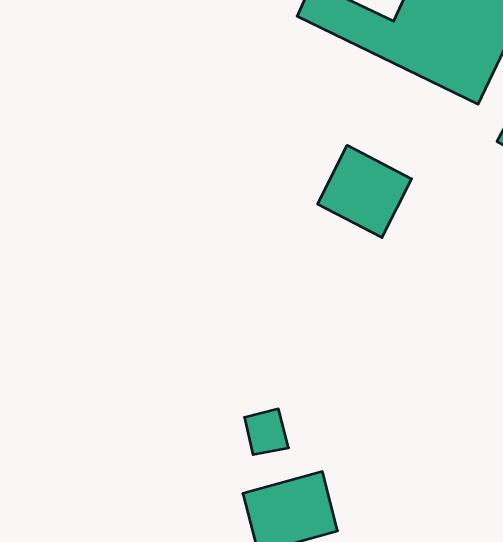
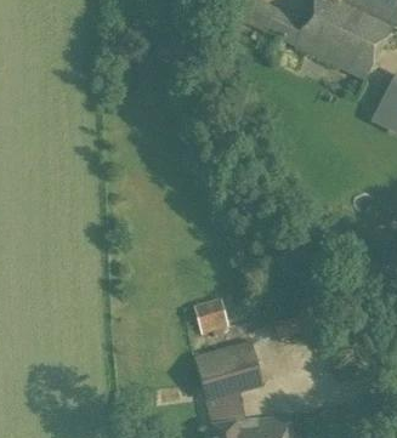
building: [318,145,412,238] -> none

